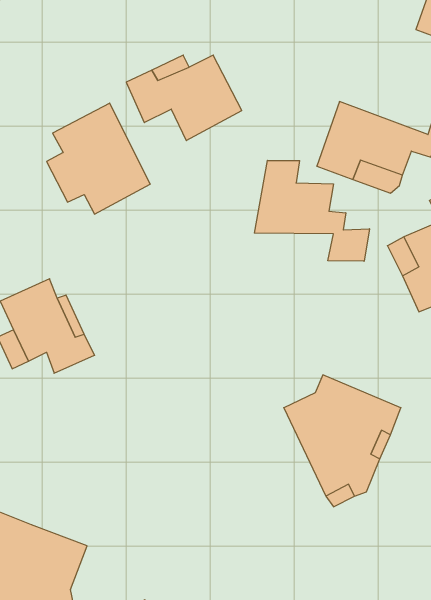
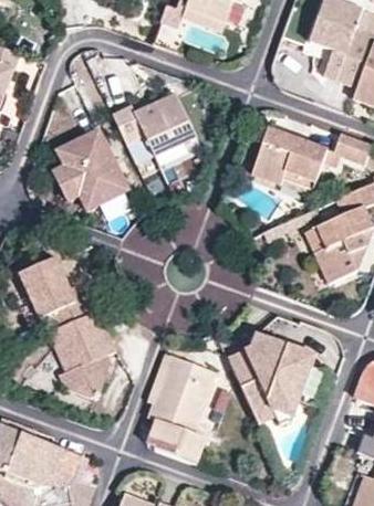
building: [254,160,369,261] -> none
building: none -> [48,310,115,399]
building: none -> [145,351,215,463]

